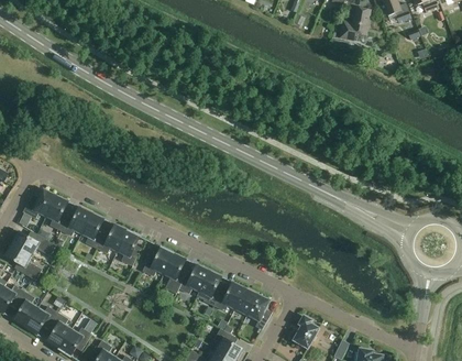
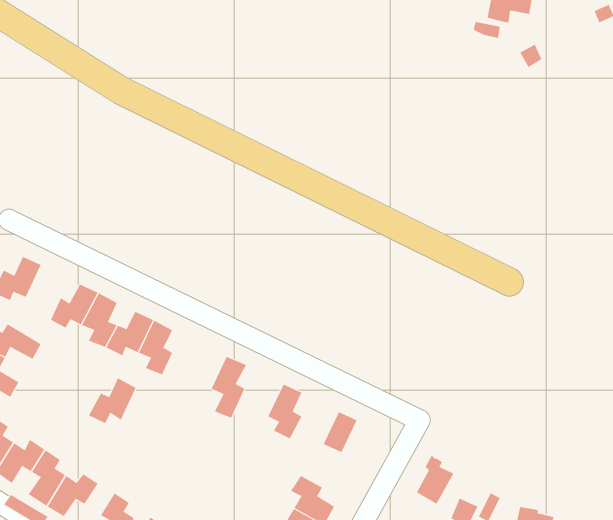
building: [45,195,67,230] -> none
building: [142,247,173,276] -> [88,377,137,424]
building: [176,264,209,294] -> none
building: [213,282,244,311] -> none
building: [246,294,270,330] -> none

